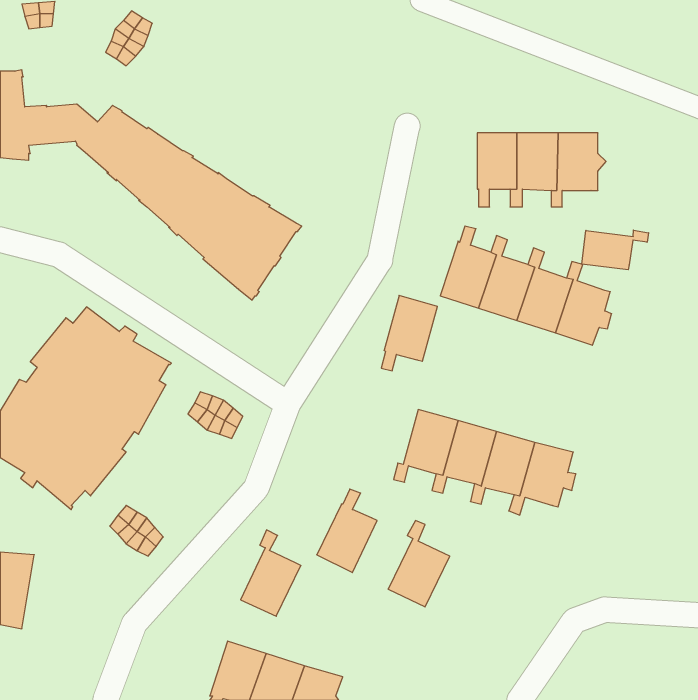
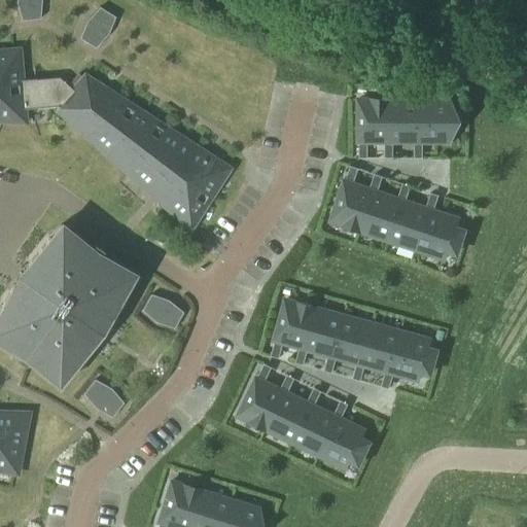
building: [582,230,649,270] -> none
building: [381,295,437,371] -> [274,300,316,356]
building: [241,530,301,616] -> [267,378,312,443]
building: none -> [321,403,366,469]

